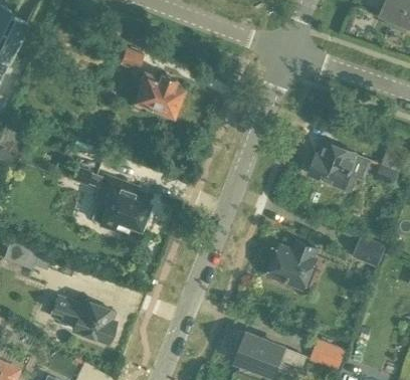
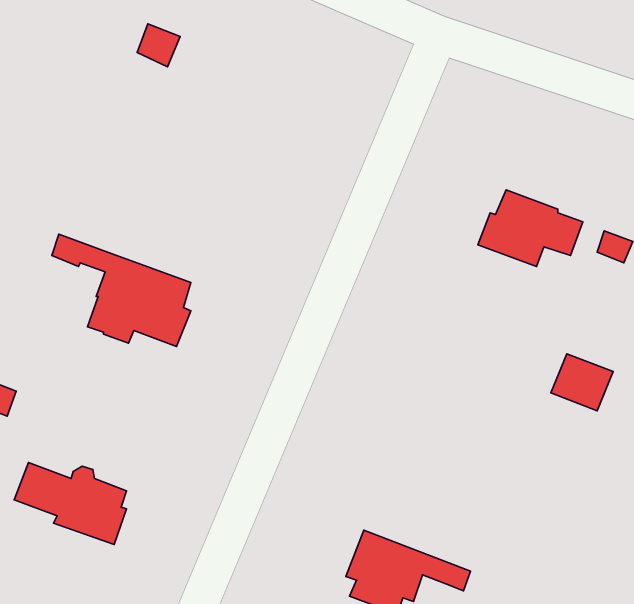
building: [134,72,184,117] -> none
building: [270,241,317,287] -> none
building: [310,338,344,369] -> none

